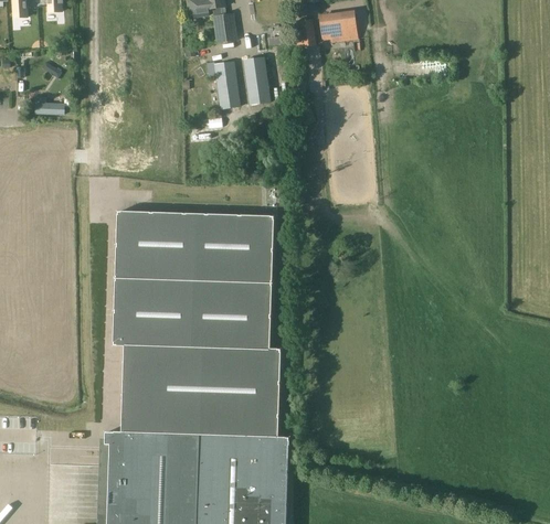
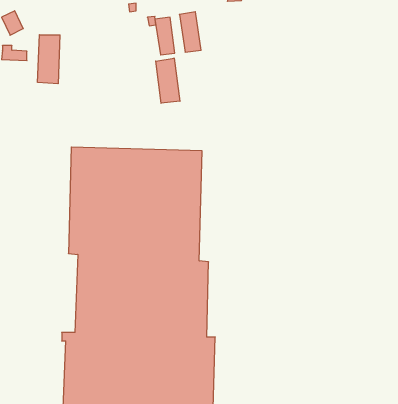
building: none -> [38,35,60,84]
building: none -> [156,58,180,103]

